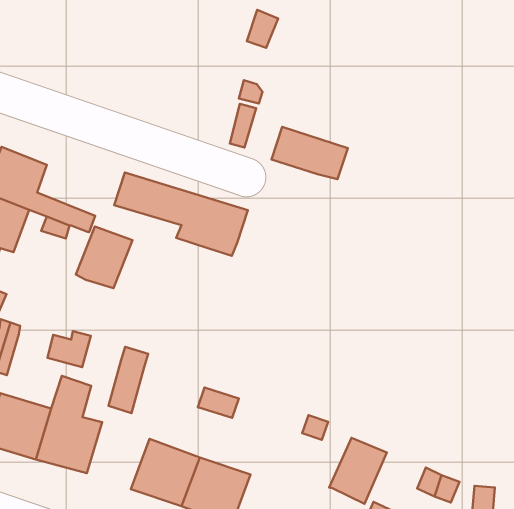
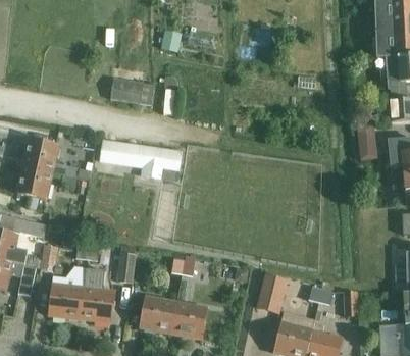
building: [272,127,348,179] -> [111,79,155,104]
building: [76,227,133,288] -> none

